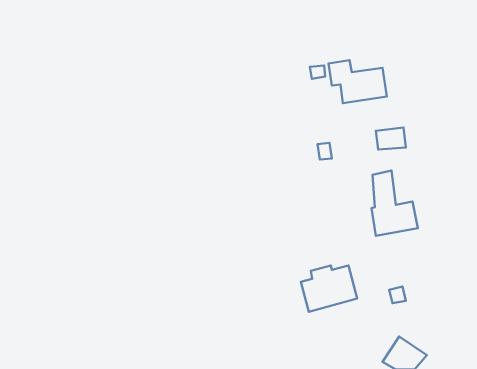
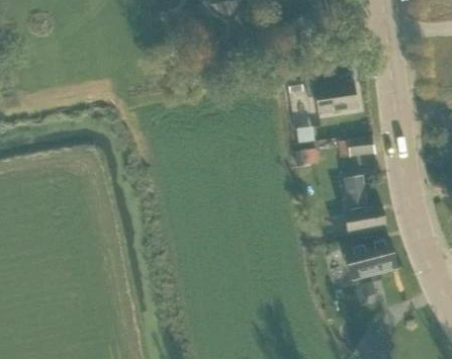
building: [301,265,357,312] -> [345,238,396,280]

